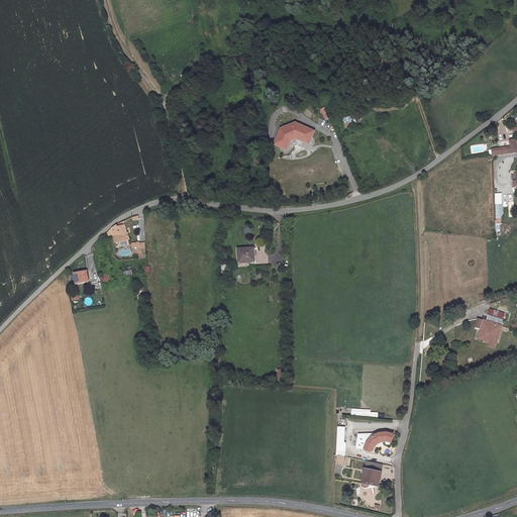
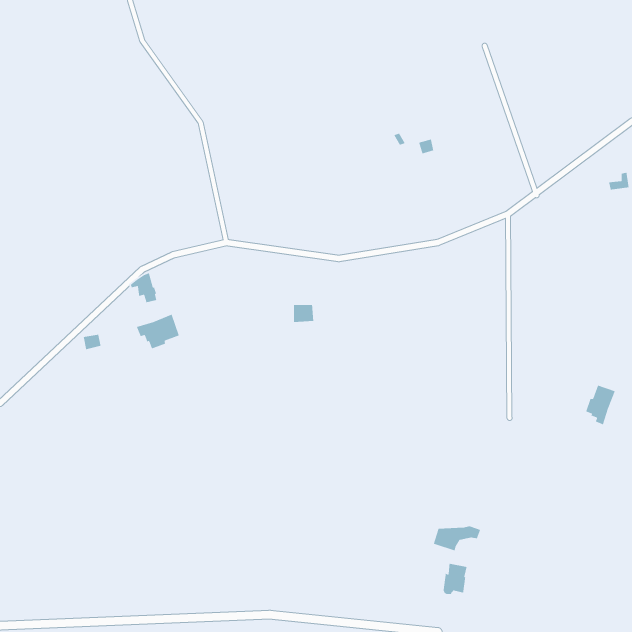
building: [276,125,312,147] -> none
building: none -> [136,313,180,350]

